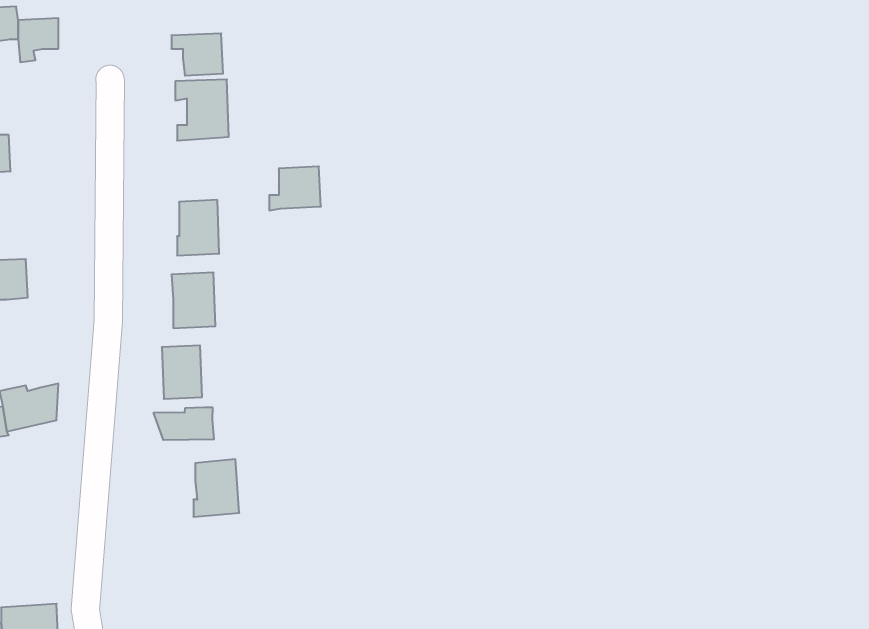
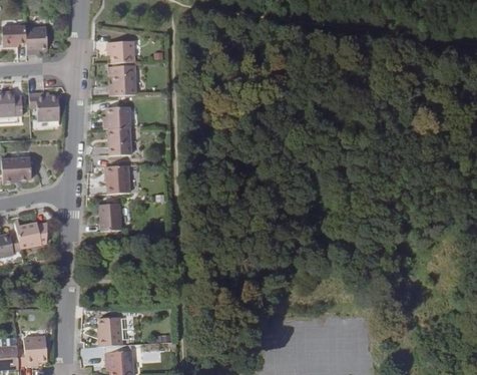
building: none -> [29,95,59,117]
building: [269,166,321,210] -> [104,107,131,130]
building: [154,407,214,440] -> none
building: [193,459,239,517] -> [99,318,123,348]

